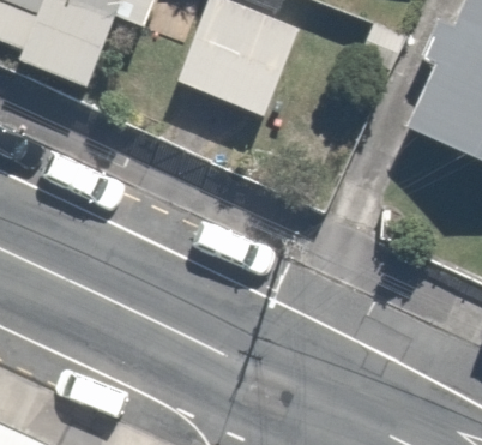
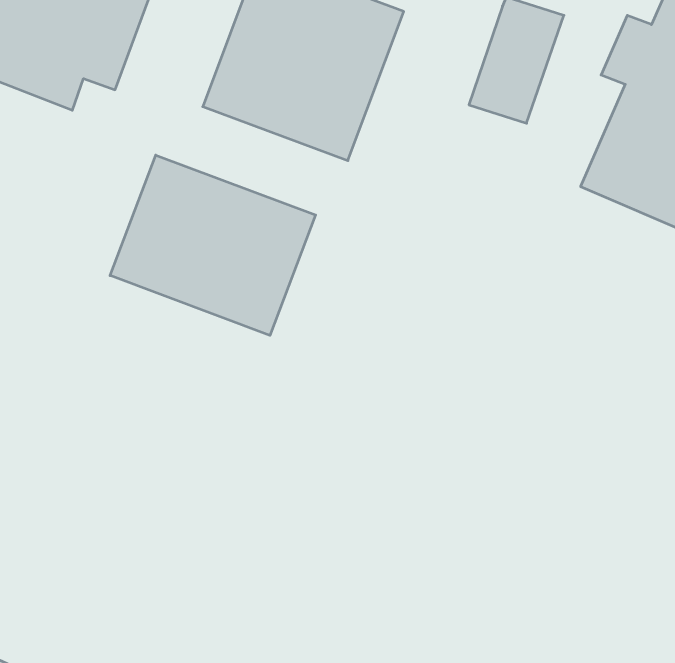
building: none -> [110,155,316,335]

